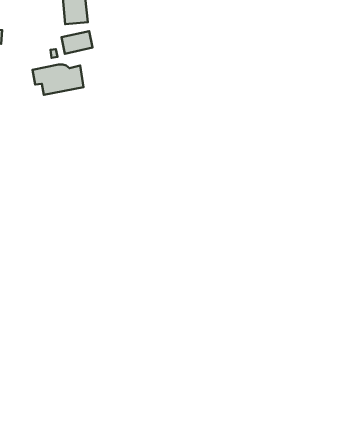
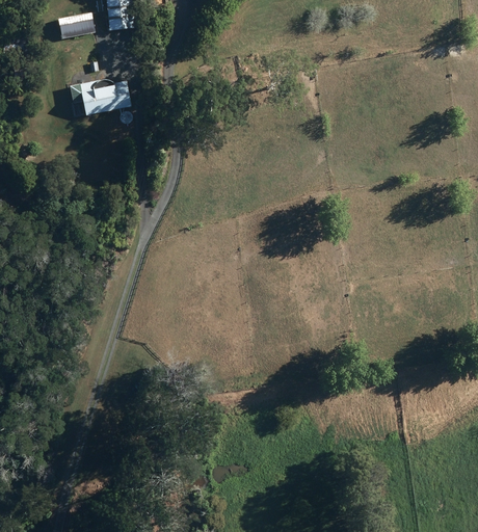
building: [61,31,93,54] -> [58,11,96,38]

